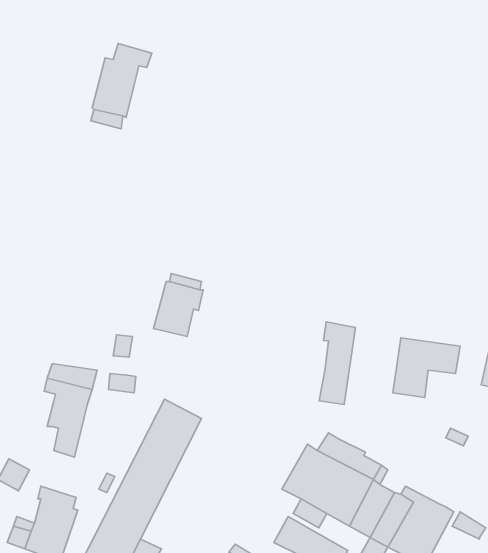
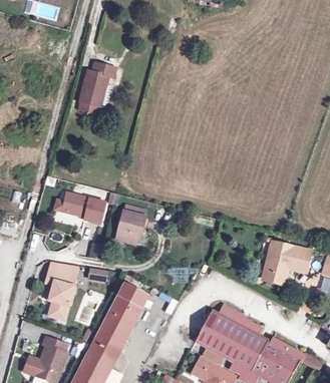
building: none -> [65,189,107,221]
building: [319,322,355,405] -> none

